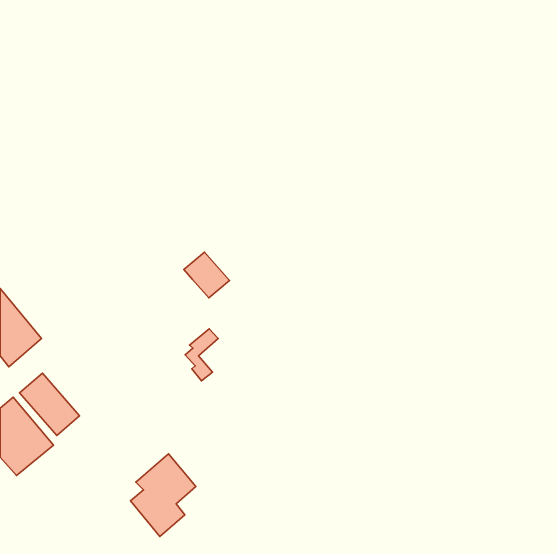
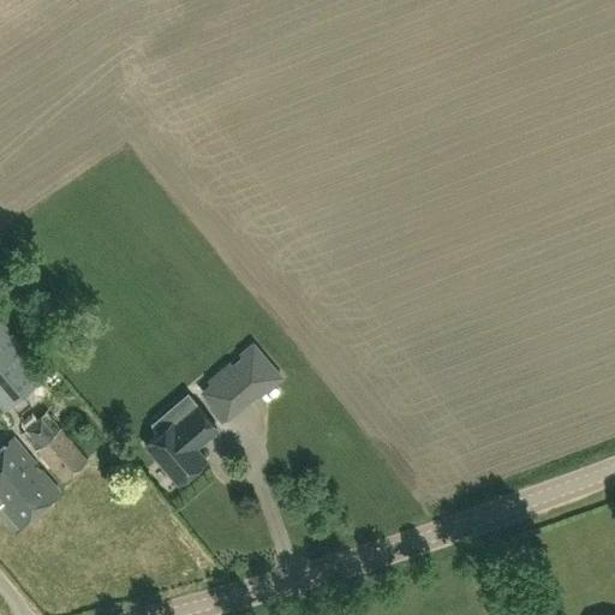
building: [184,252,230,298] -> [231,346,281,396]
building: [130,454,196,537] -> [145,395,217,486]

